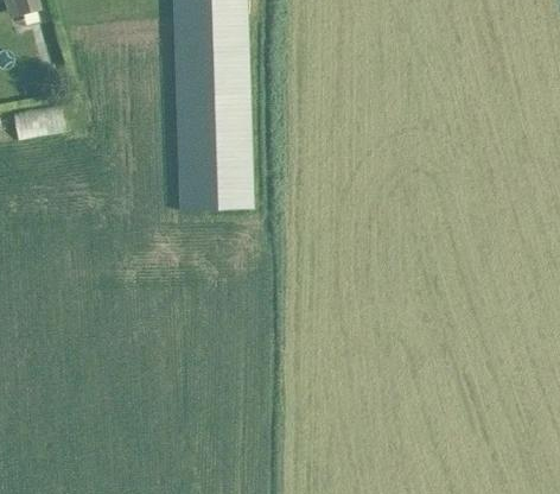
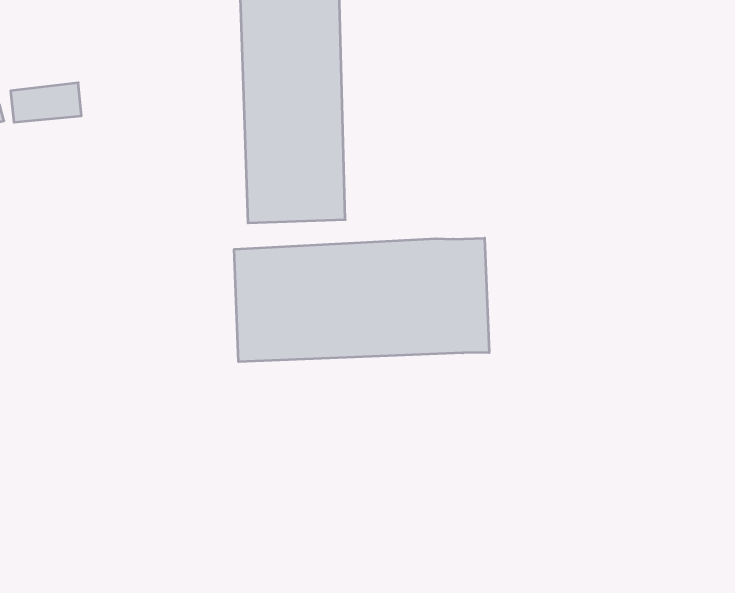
building: none -> [234,238,489,362]

